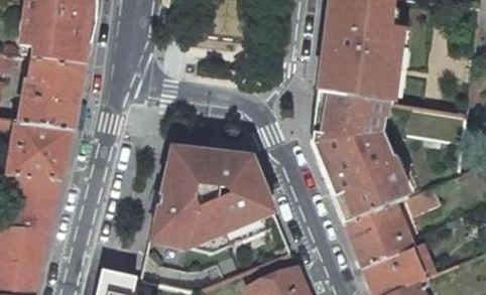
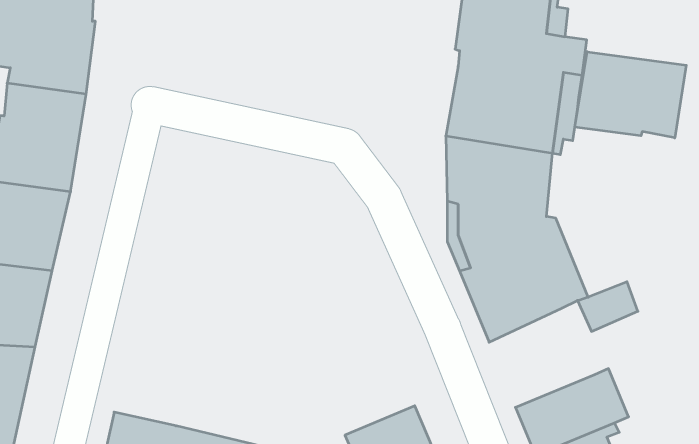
building: none -> [575,52,686,138]
building: [146,144,275,253] -> none
building: [345,202,413,267] -> none

